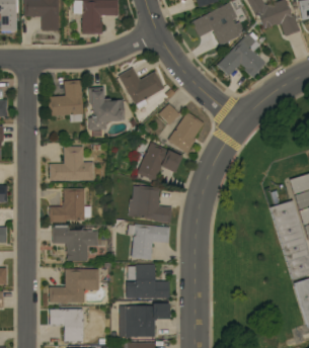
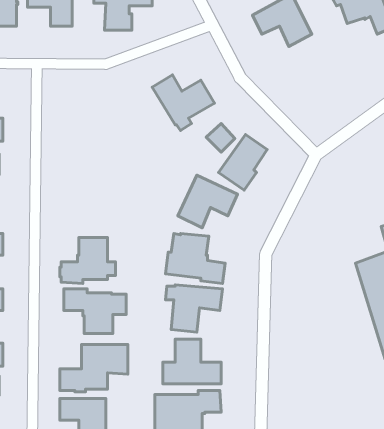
building: [217,32,265,77] -> none
building: [48,80,83,116] -> none
building: [88,86,125,130] -> none
building: [49,146,92,180] -> none

